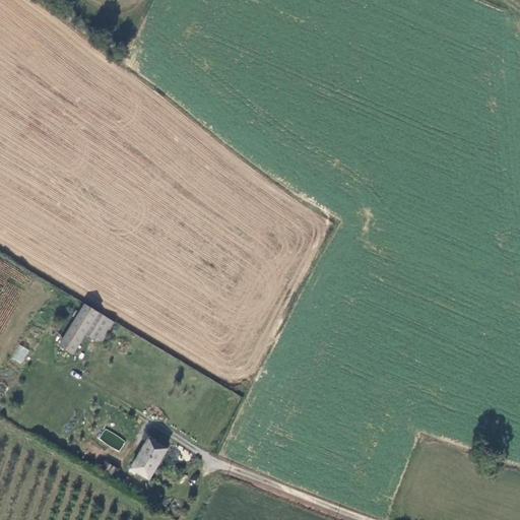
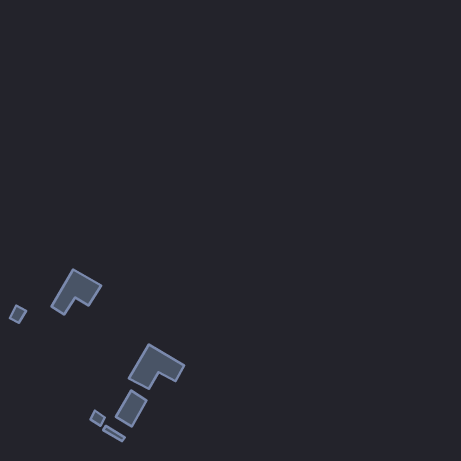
building: none -> [129,345,184,389]

